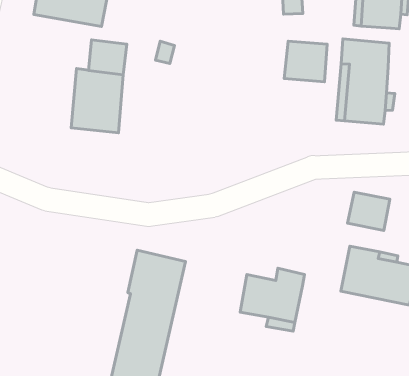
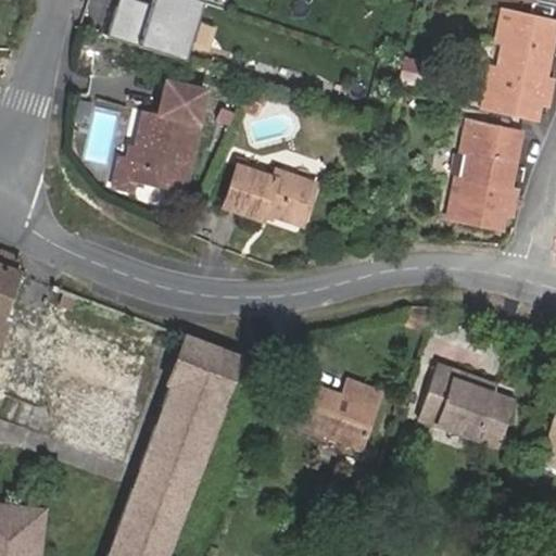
building: [284,41,327,82] -> none
building: none -> [224,173,316,231]
building: [347,192,390,230] -> none

